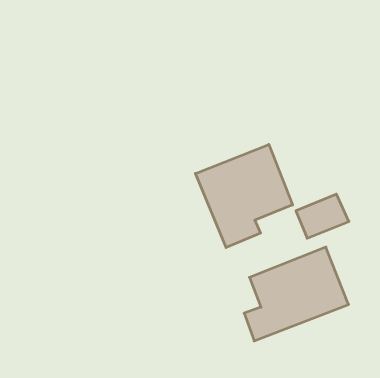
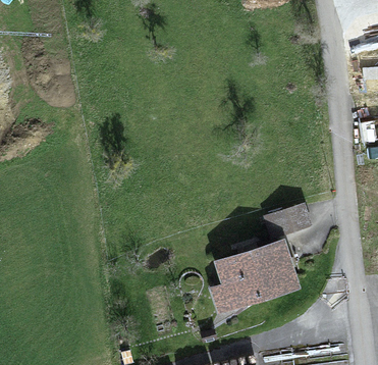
building: [195,144,293,248] -> none

